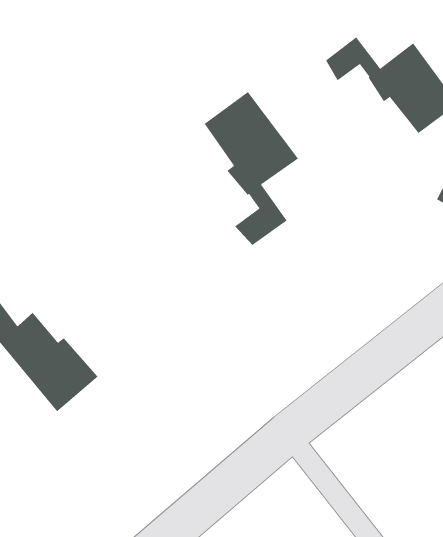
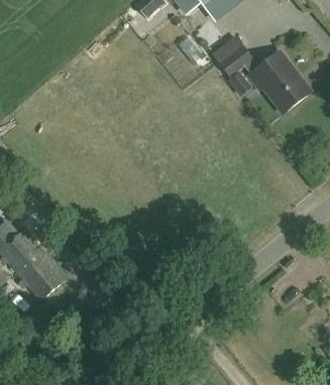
building: [204,91,299,246] -> none

